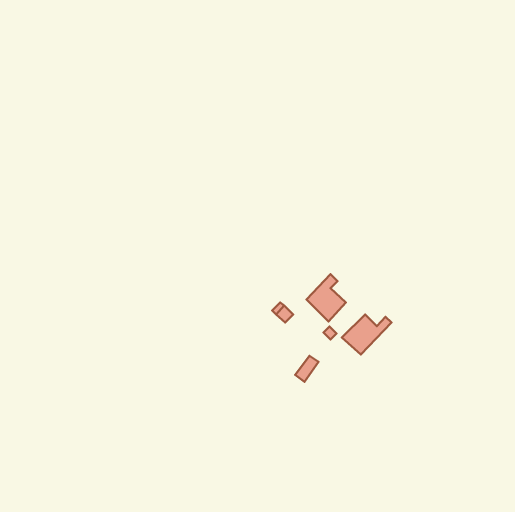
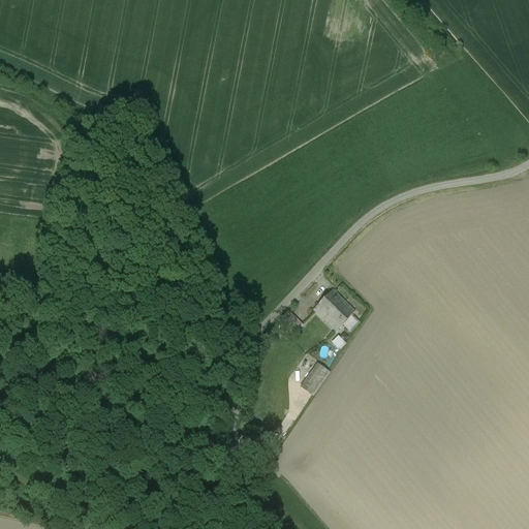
building: [342,314,392,354] -> none

